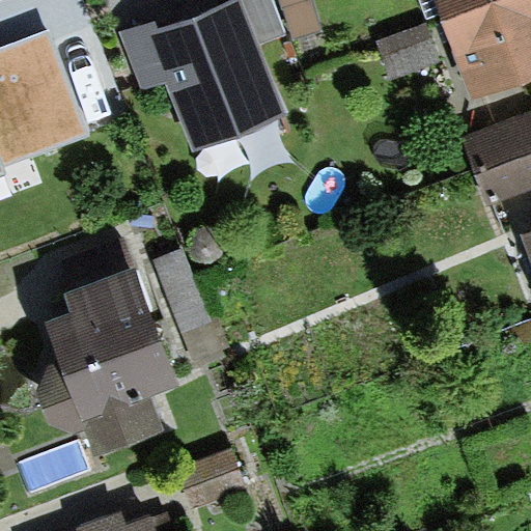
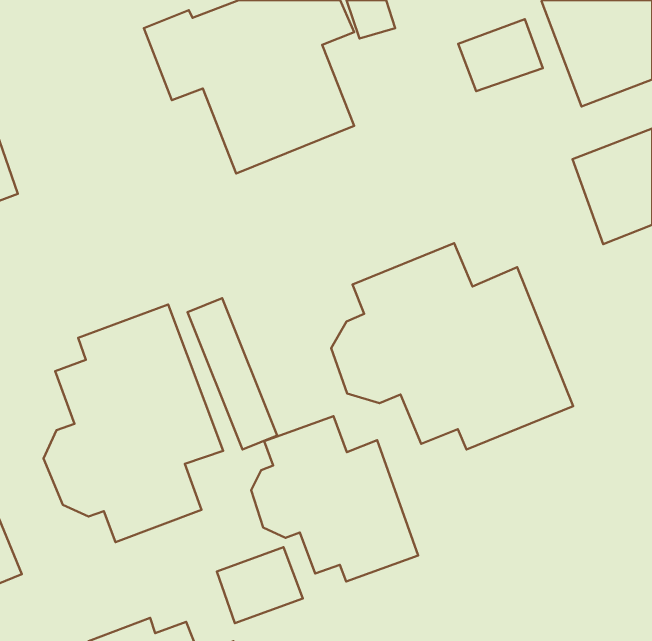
building: [15,44,105,134] -> none
building: none -> [331,243,573,450]
building: none -> [251,416,418,582]

